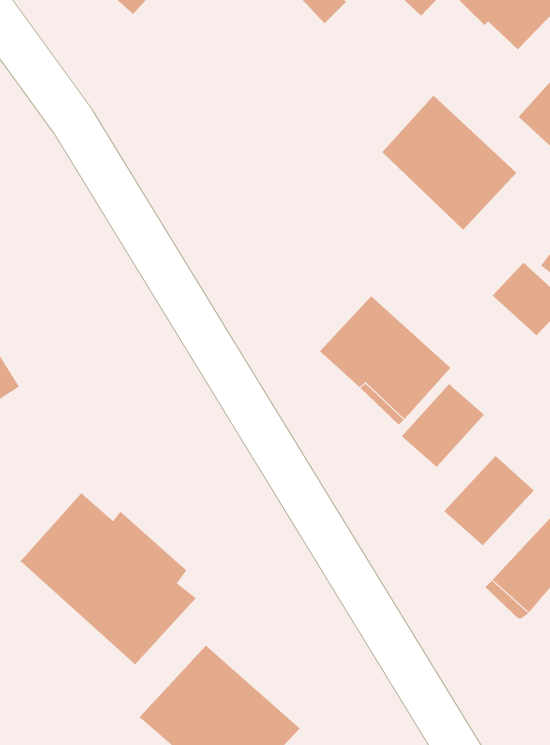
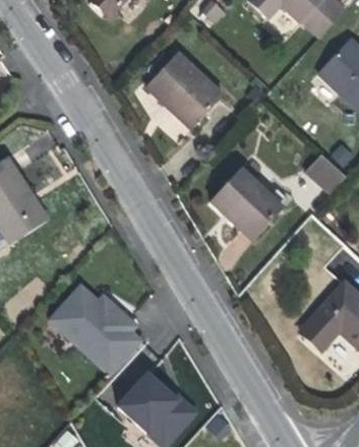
building: [381,95,517,230] -> [145,56,220,130]
building: [401,383,485,468] -> none
building: [444,455,535,546] -> none

